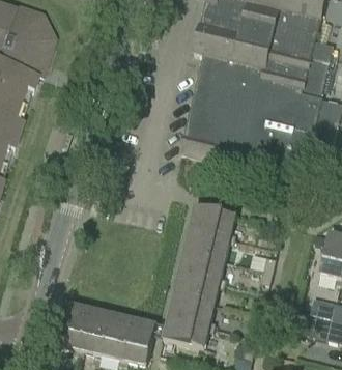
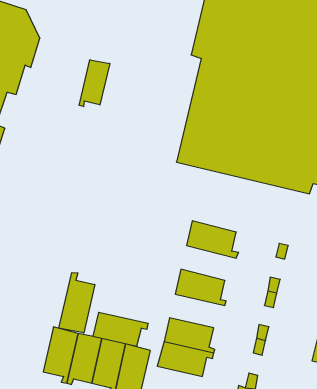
building: none -> [79,60,110,107]
building: [183,226,234,258] -> none
building: none -> [59,273,95,333]
building: [173,271,224,302] -> [93,312,148,346]

